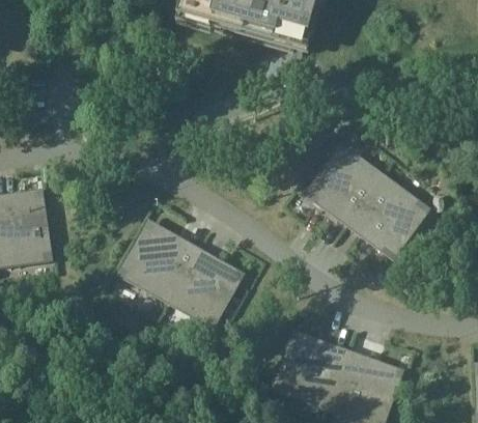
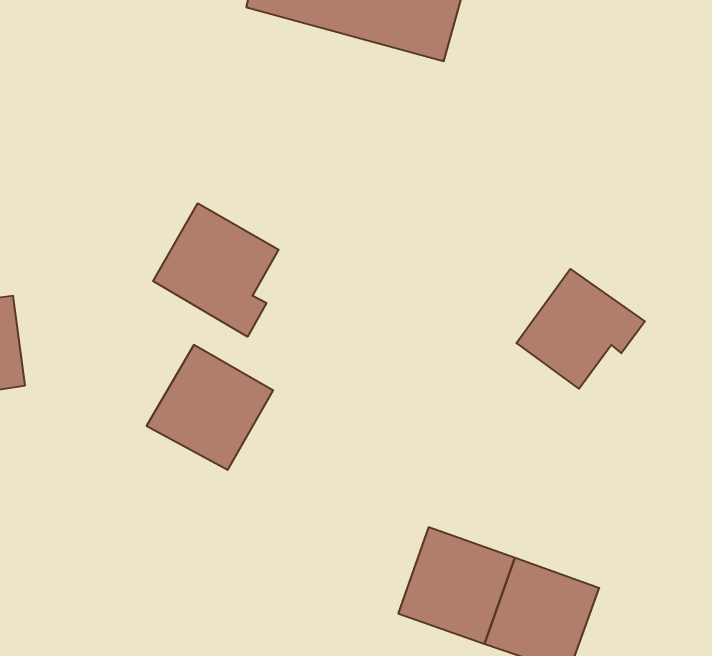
building: none -> [153,203,279,337]
building: [309,146,383,221] -> none
building: [172,250,242,322] -> none

